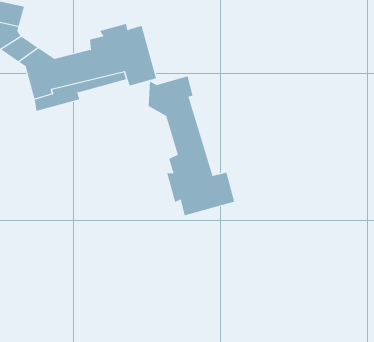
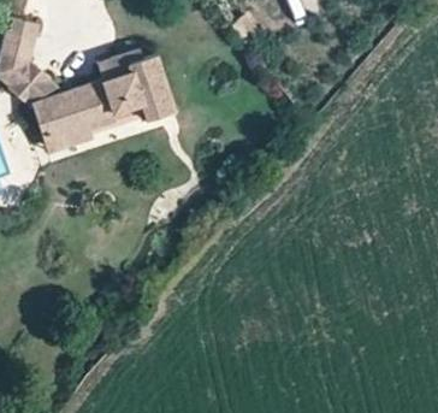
building: [148,75,235,216] -> none

